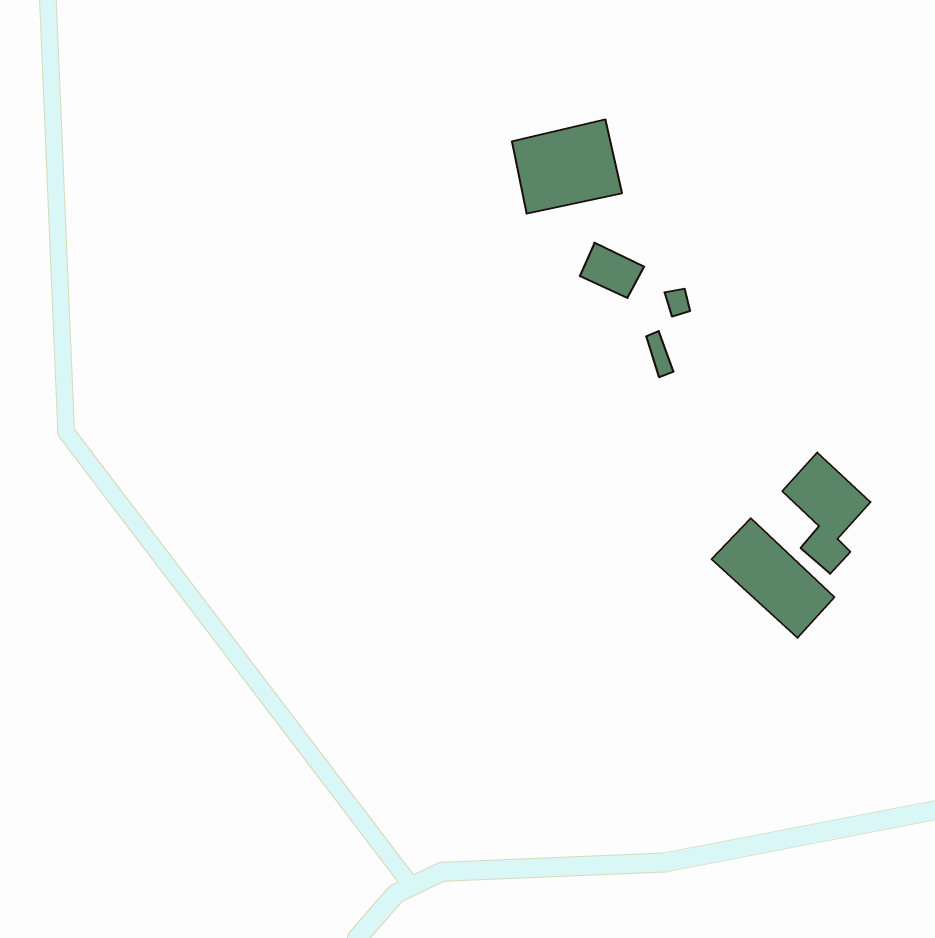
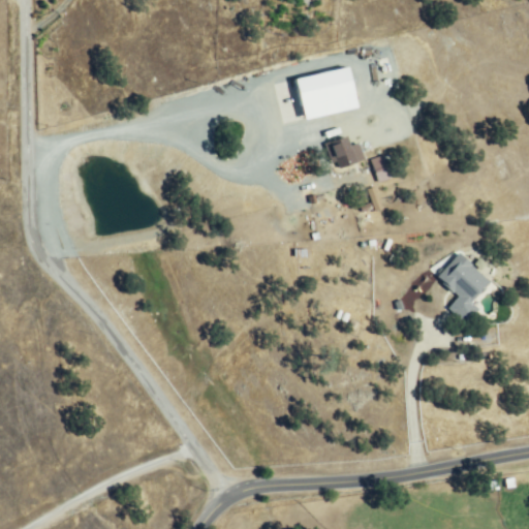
building: [712,518,834,638] -> none

